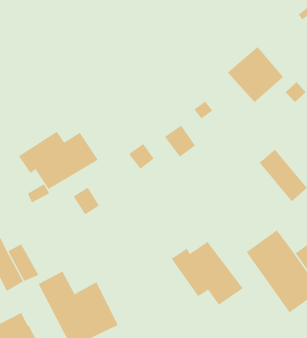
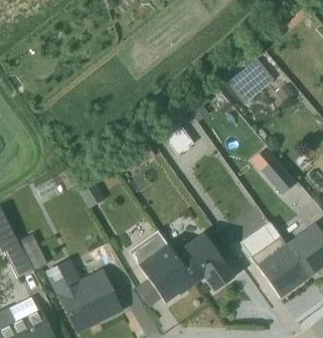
building: [18,131,99,190] -> none
building: none -> [131,232,195,306]

